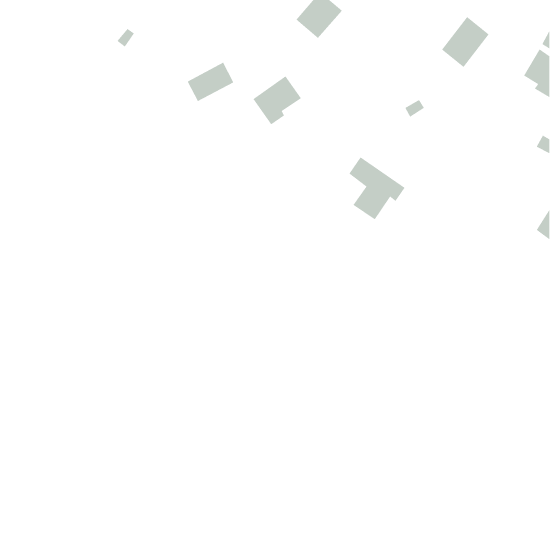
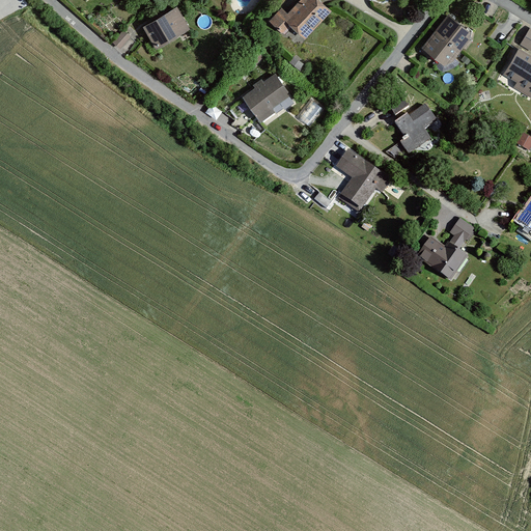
building: [187,62,234,102] -> [143,7,189,46]
building: none -> [394,105,435,153]
building: none -> [417,218,476,279]

